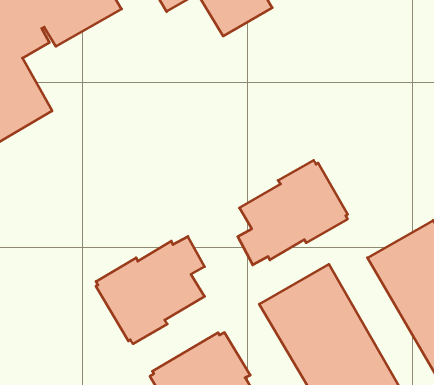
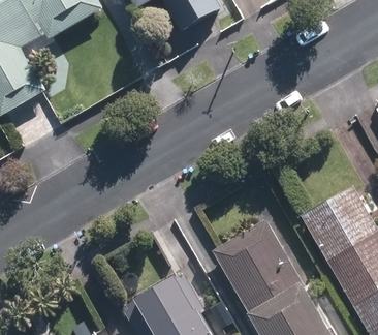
building: [238,160,348,265] -> none
building: [96,236,205,344] -> none

